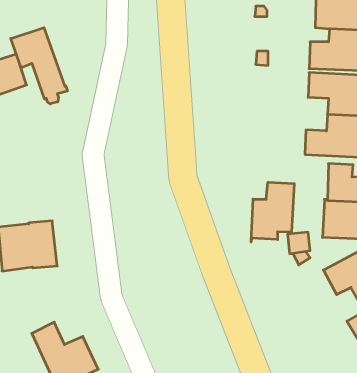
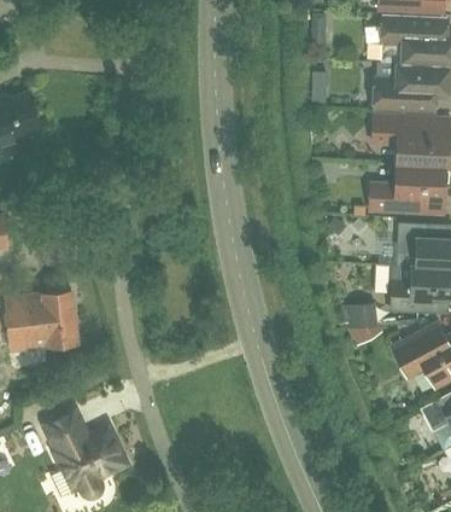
building: [11,28,67,104] -> none
building: [251,182,294,242] -> none

